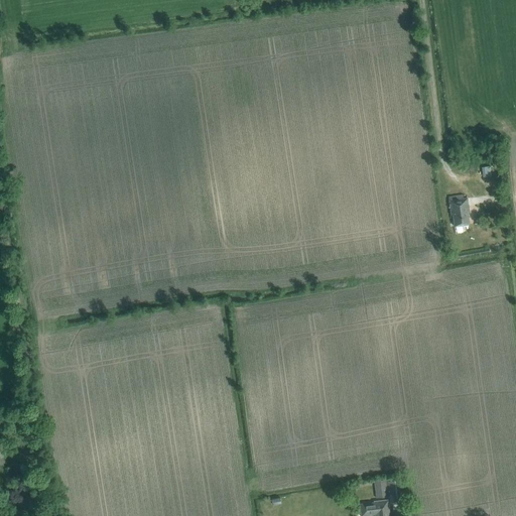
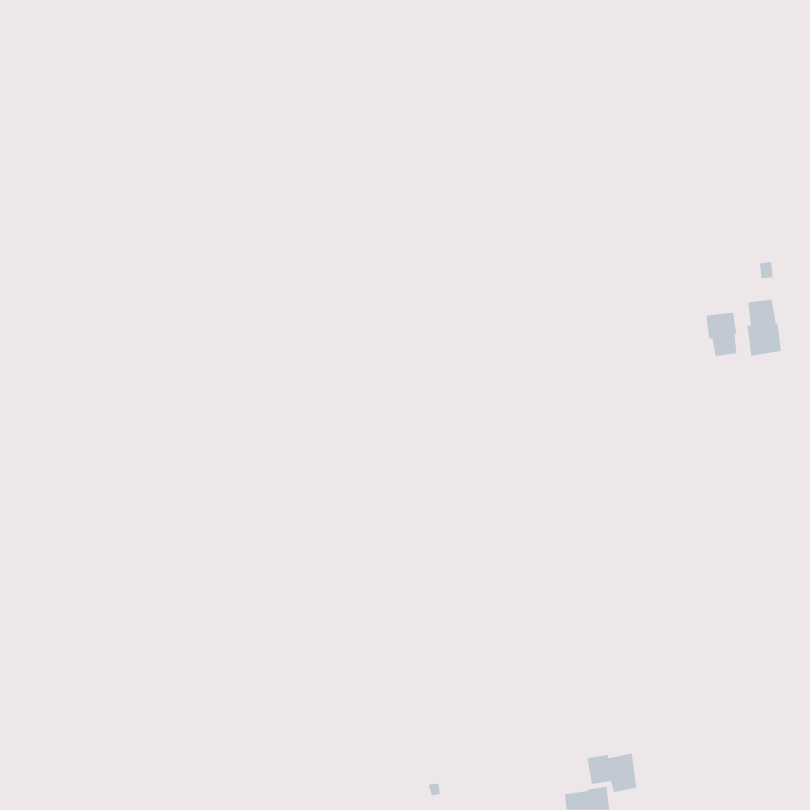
building: none -> [747,299,781,357]

